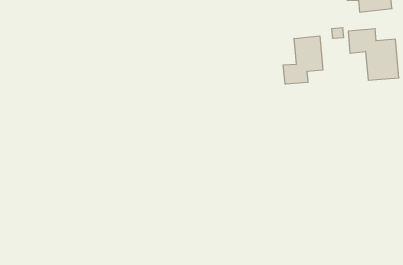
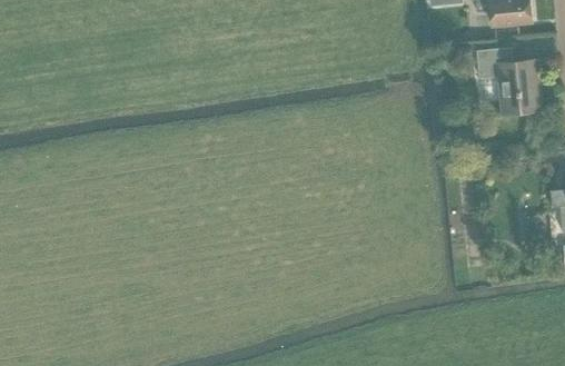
building: [283,36,323,84] -> none

